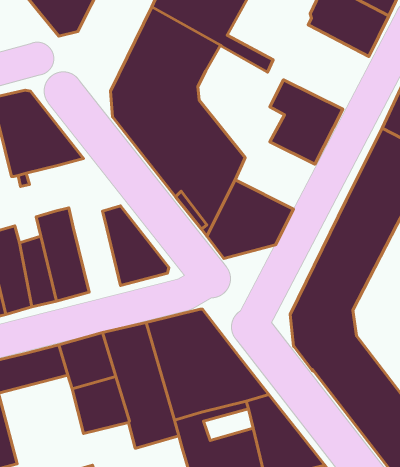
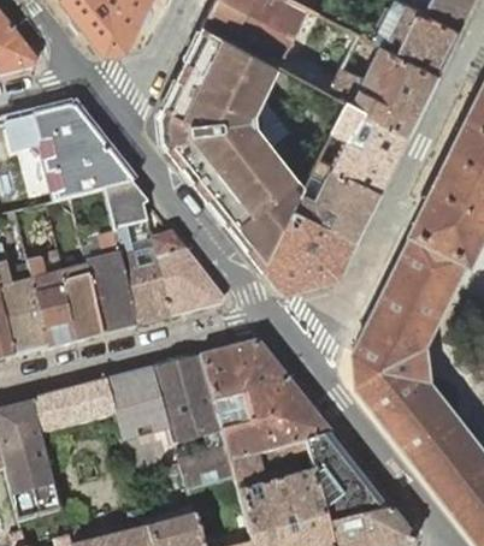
building: none -> [330,42,438,127]
building: none -> [295,156,380,235]
building: none -> [106,180,172,324]

